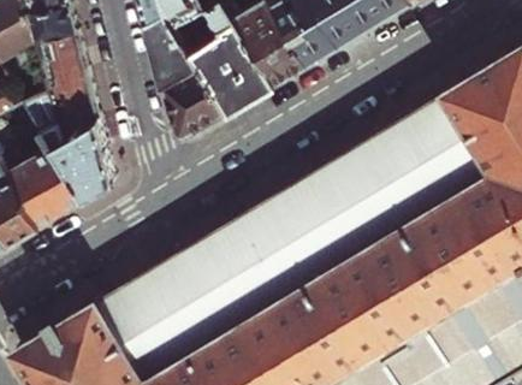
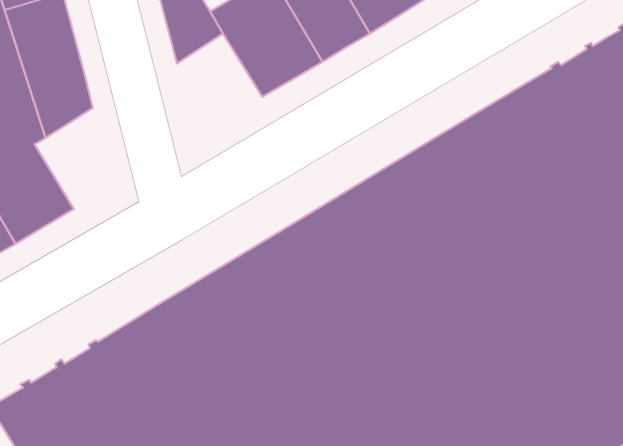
building: [161,65,226,141] -> none
building: [53,122,113,199] -> none

